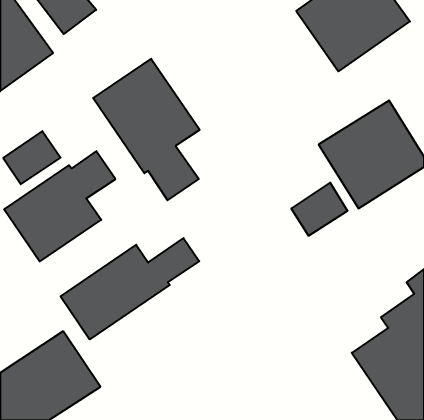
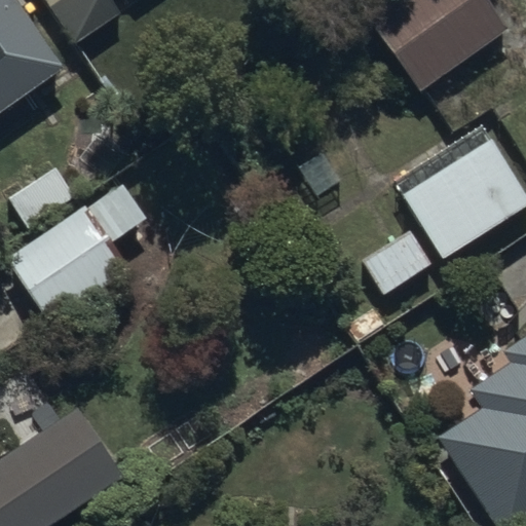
building: [93,59,200,200] -> none
building: [61,238,199,339] -> none

